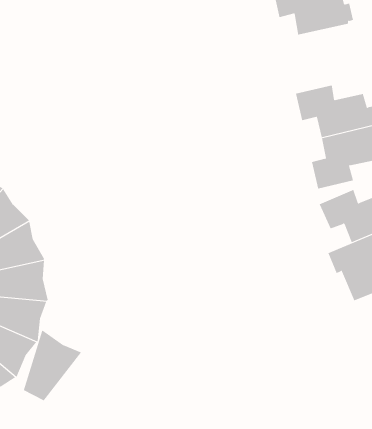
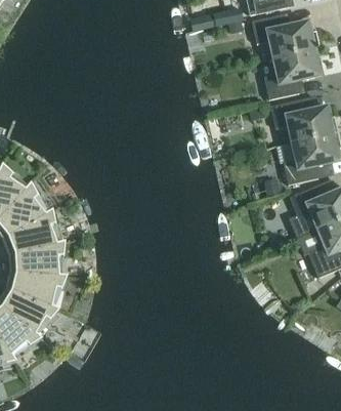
building: none -> [263,48,319,99]
building: [23,330,82,401] -> none

